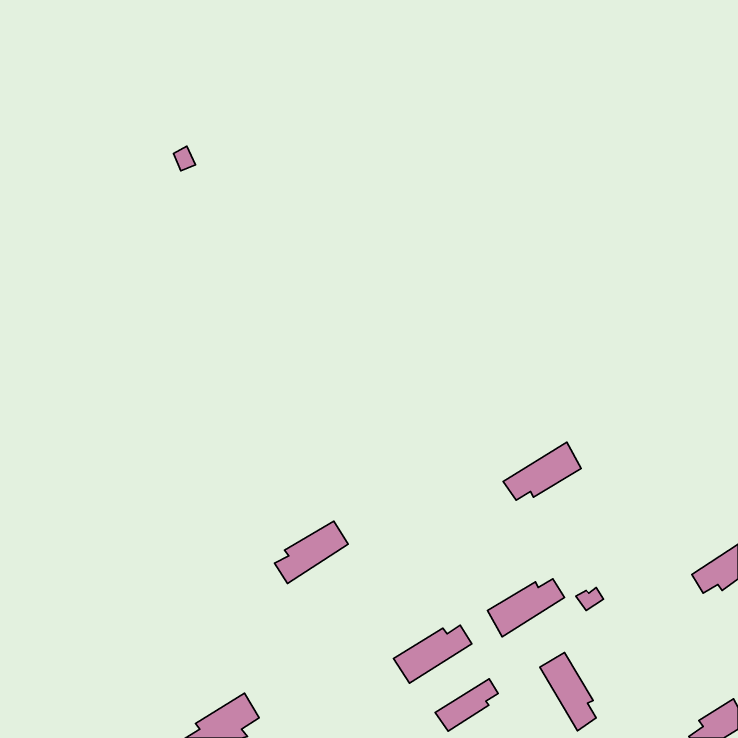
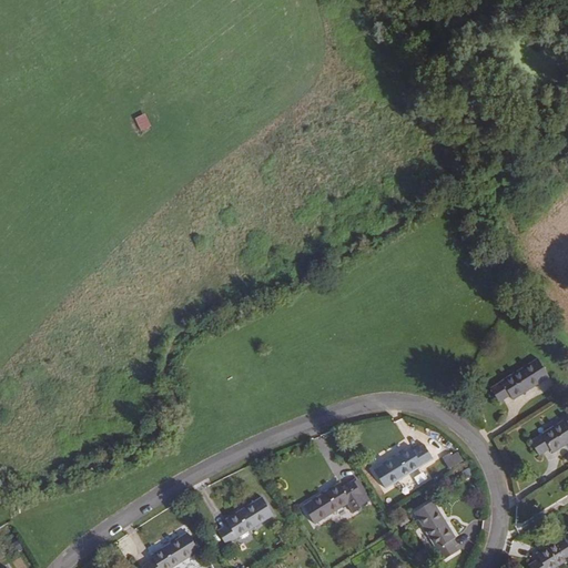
building: [503,442,581,500] -> [489,357,549,402]
building: [274,521,348,583] -> [216,497,273,545]
building: [435,679,498,731] -> none

